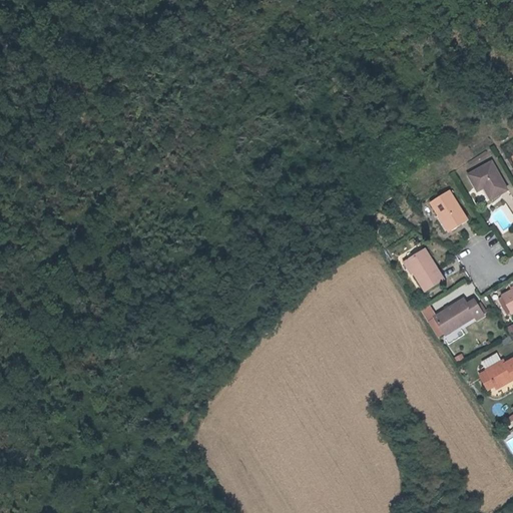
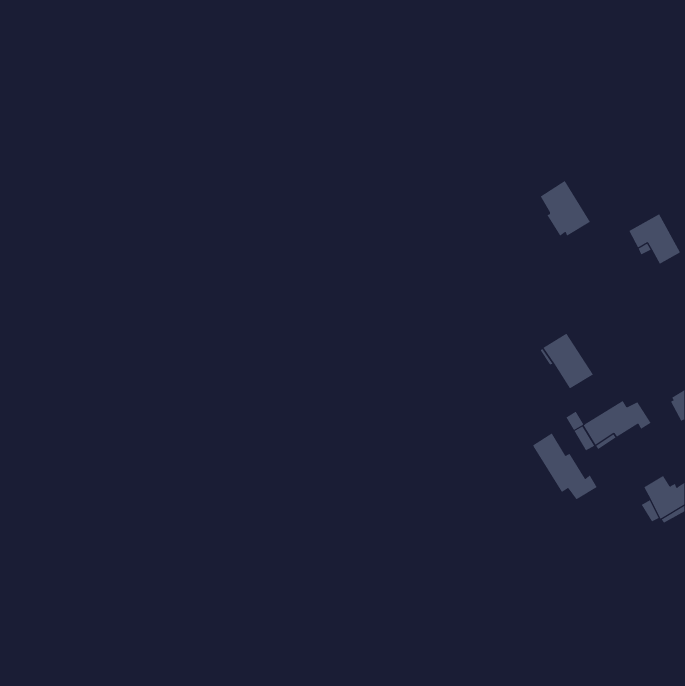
building: [431,188,469,230] -> [540,180,591,237]
building: none -> [533,433,598,500]

